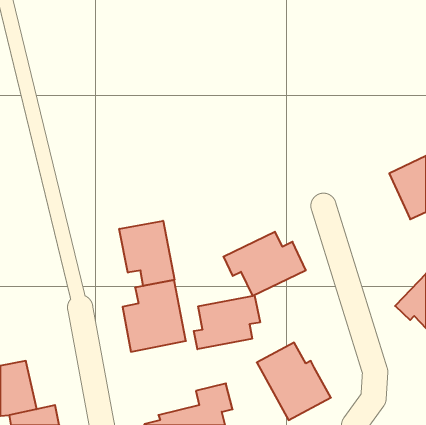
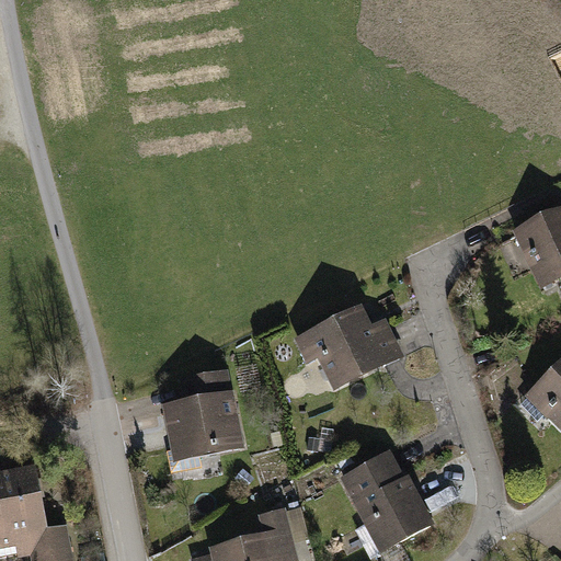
building: [119,221,174,286] -> none
building: [194,295,260,349] -> none

